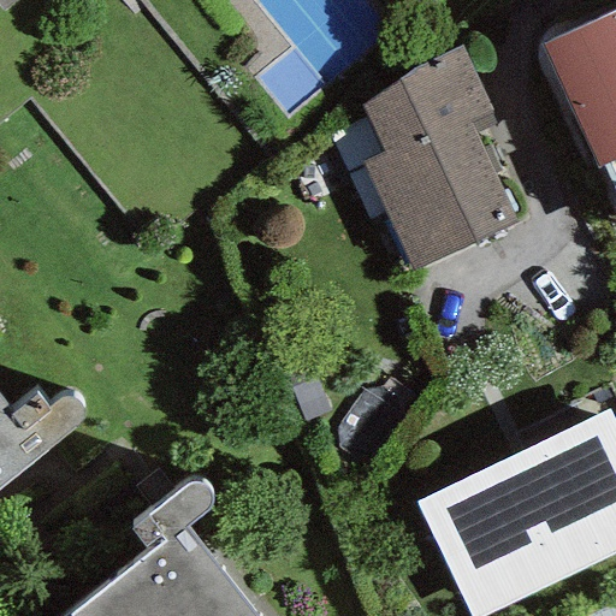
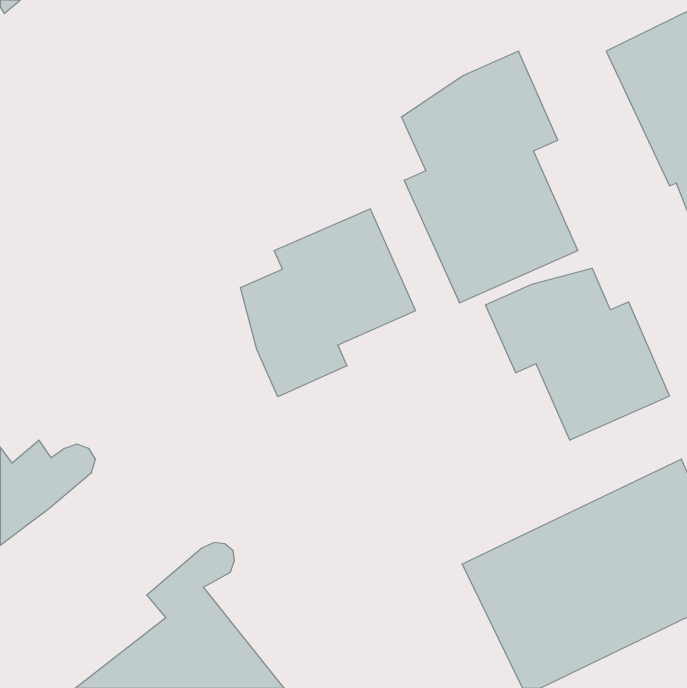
building: none -> [240,209,416,397]
building: none -> [485,268,669,440]

